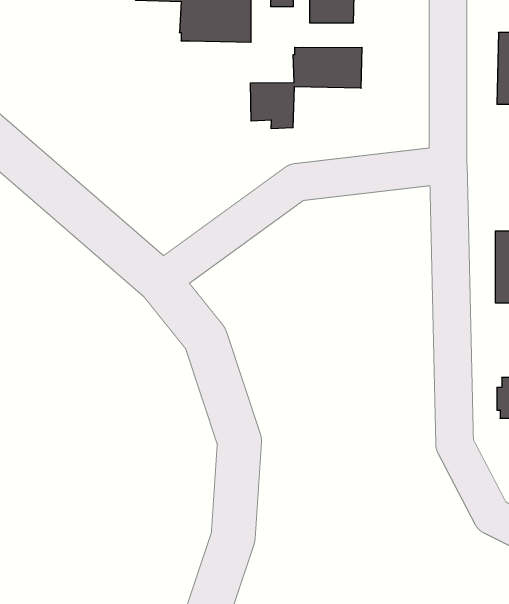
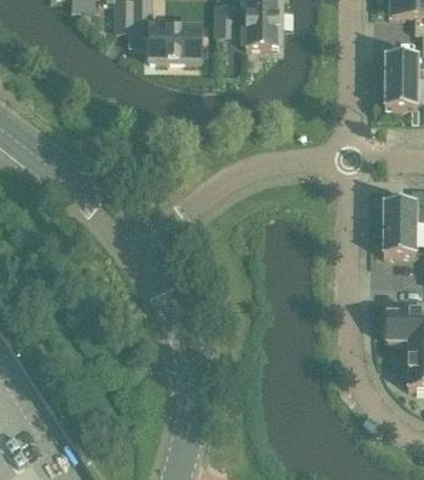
building: [251,47,362,129] -> none

